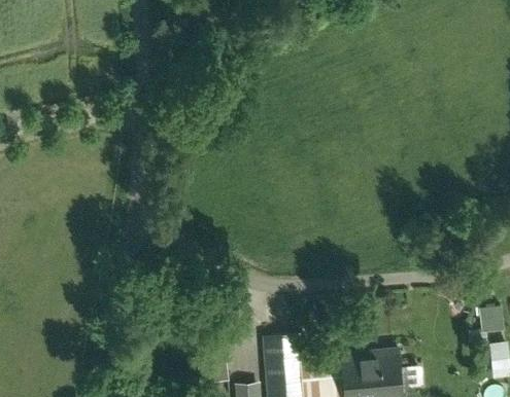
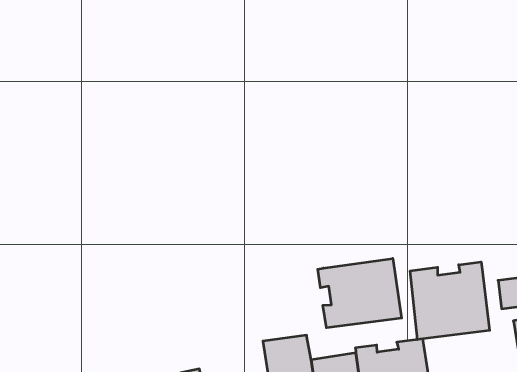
building: none -> [318,258,402,328]
building: none -> [410,262,490,340]

